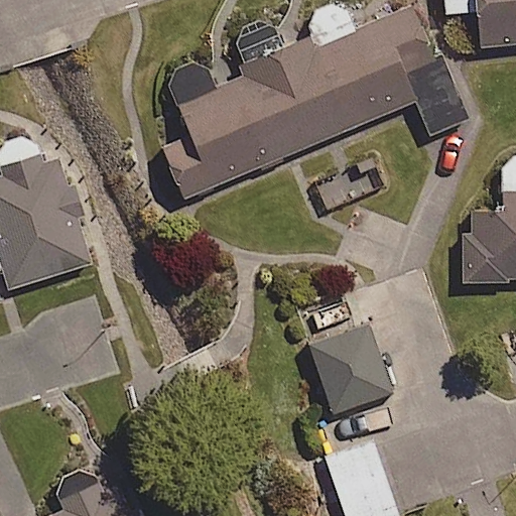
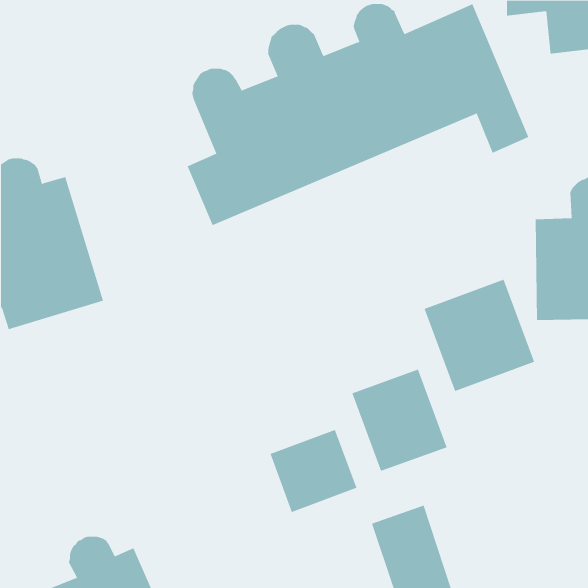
building: none -> [424,279,535,392]
building: none -> [270,429,357,513]

